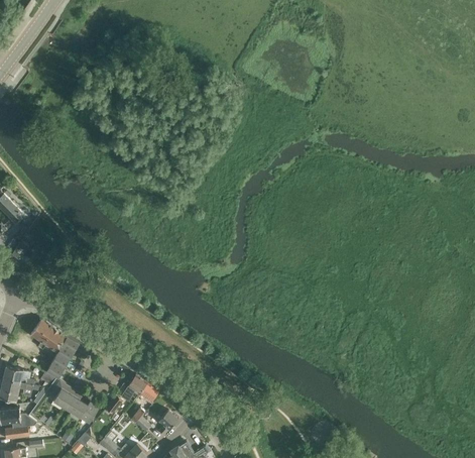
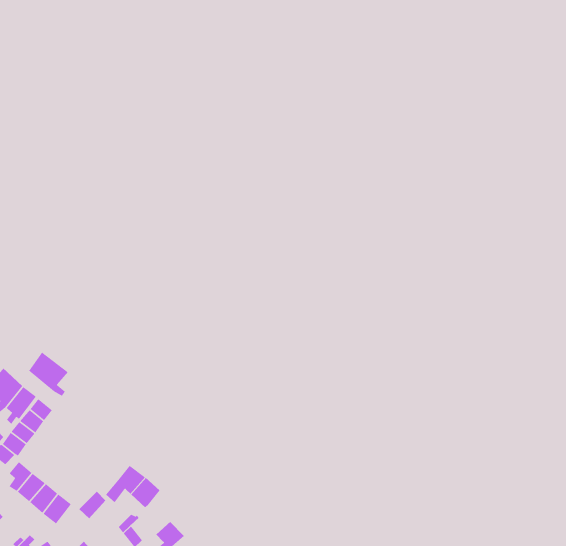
building: none -> [28,351,69,397]

